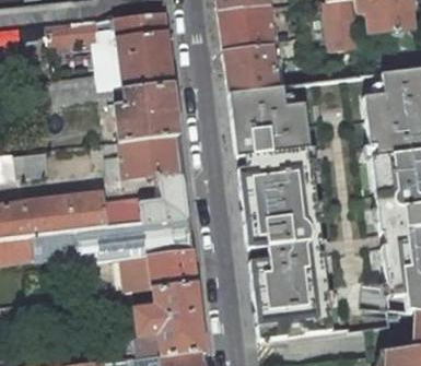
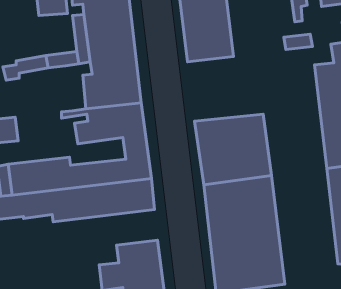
building: [229,84,309,154] -> none
building: [124,248,197,290] -> none

